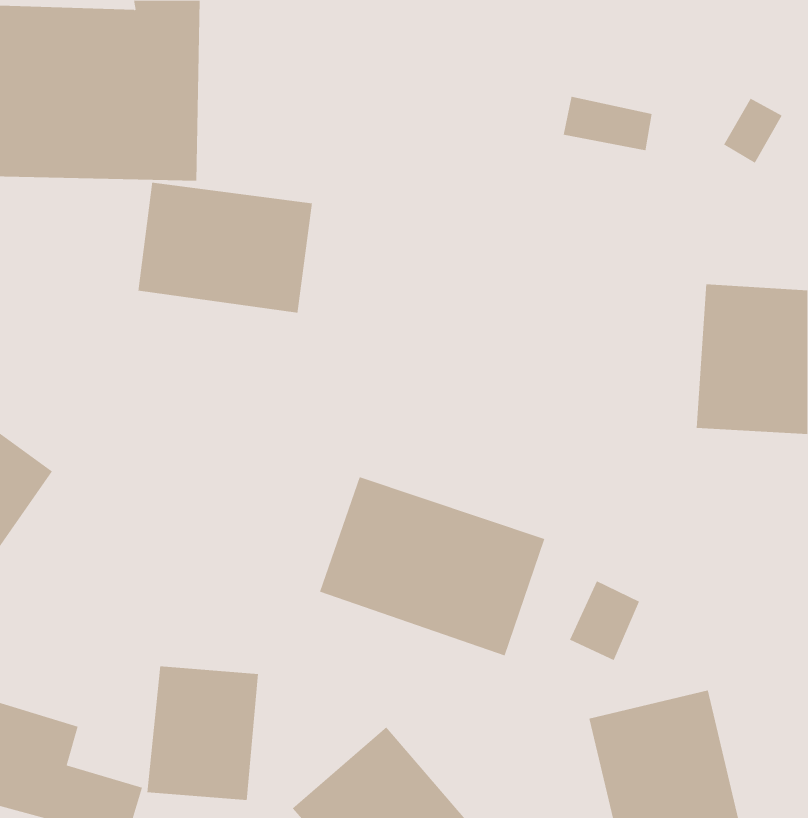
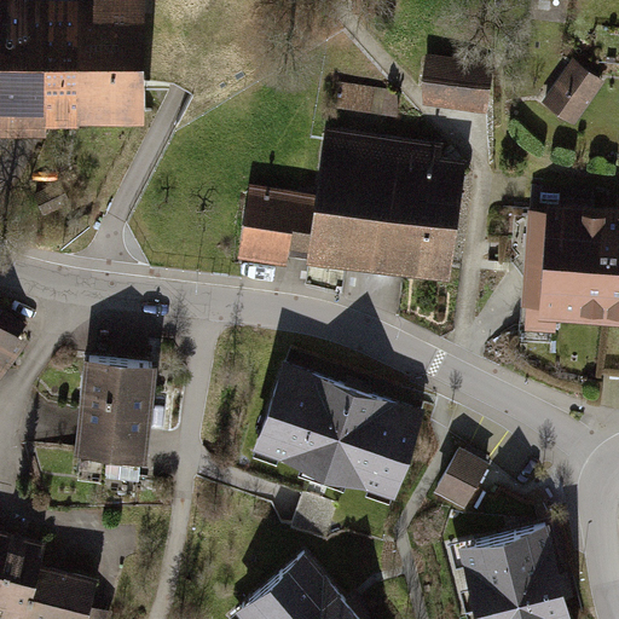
building: [138,182,312,314] -> none
building: none -> [242,141,461,282]
building: [147,666,259,800] -> [77,364,162,465]

